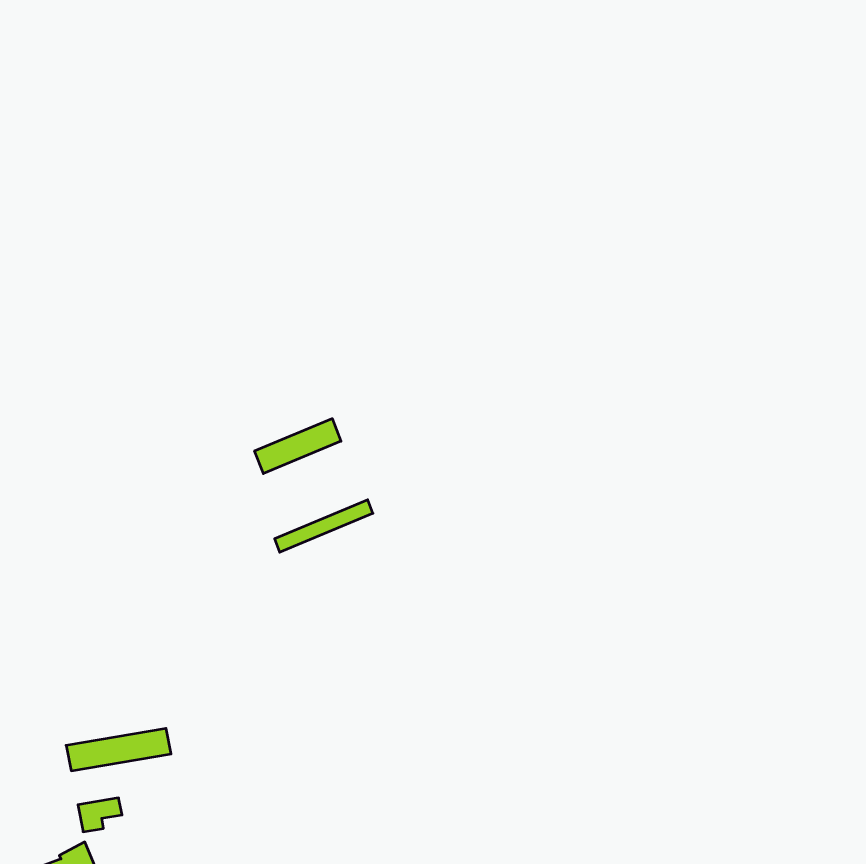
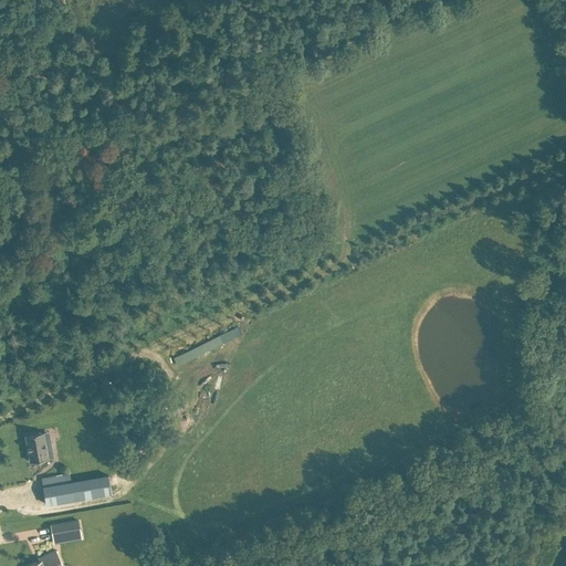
building: [255,419,341,474] -> none
building: none -> [25,432,54,462]

